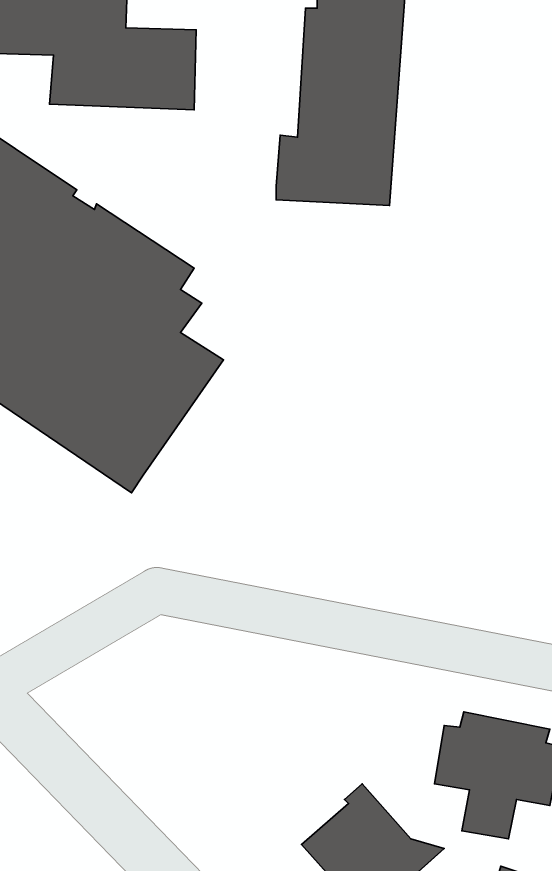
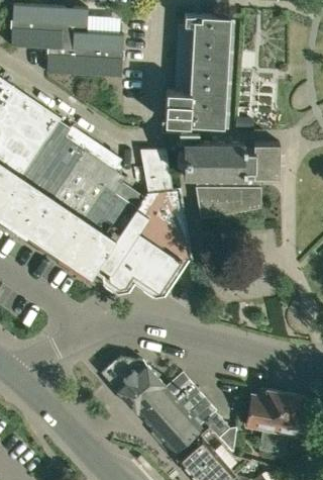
building: none -> [177,142,279,219]
building: none -> [95,150,191,293]
building: none -> [102,358,229,454]

